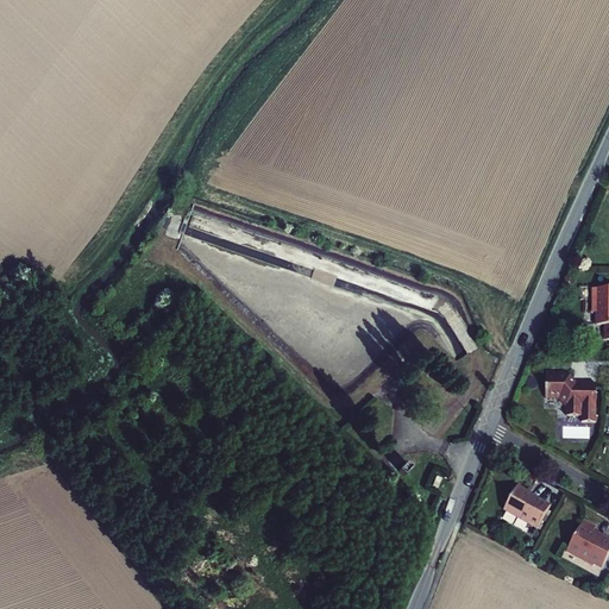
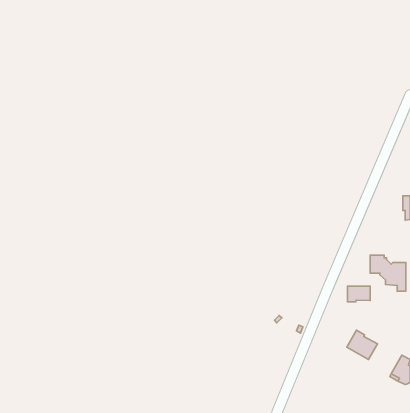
building: none -> [347,286,370,302]

